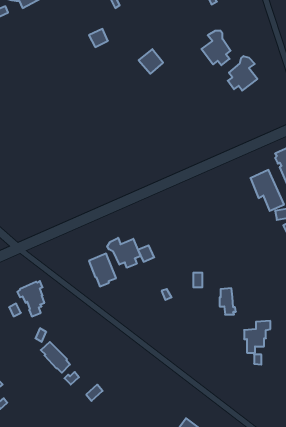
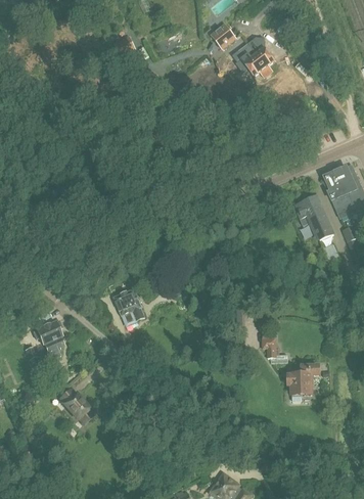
building: [139,49,163,74] -> [209,21,236,49]
building: [228,56,257,91] -> none
building: [107,238,140,268] -> none

